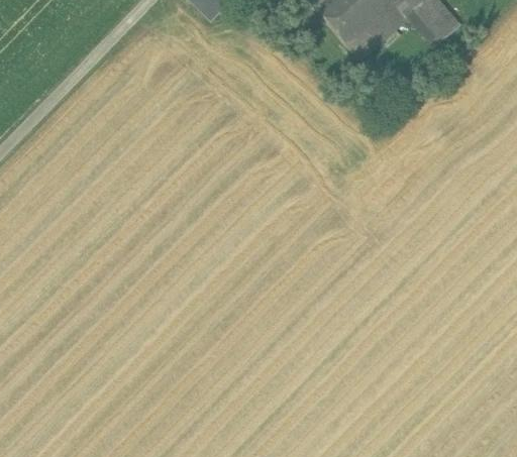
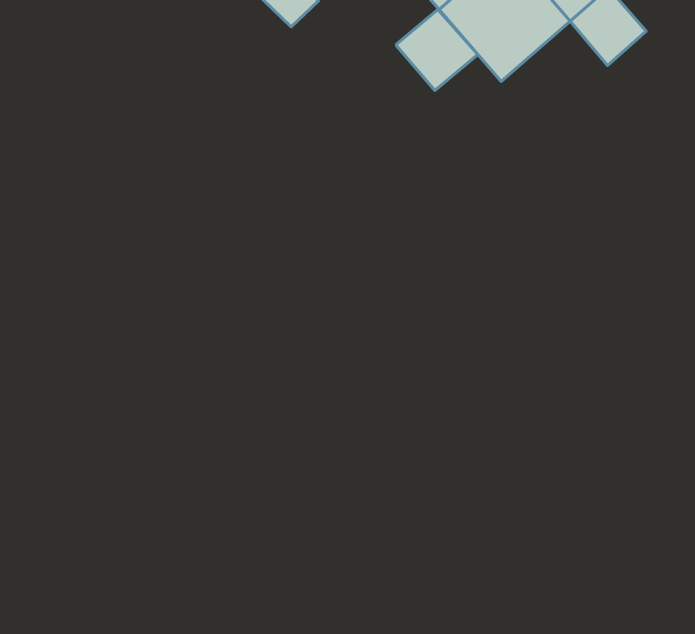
building: none -> [396,10,478,91]

